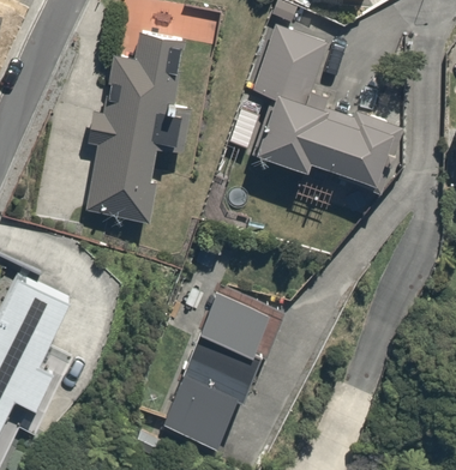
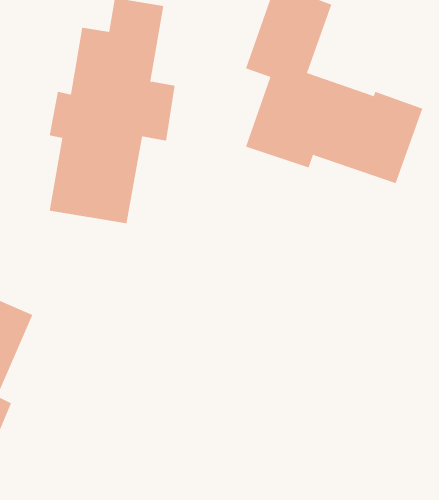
building: [162,294,275,448] -> none

